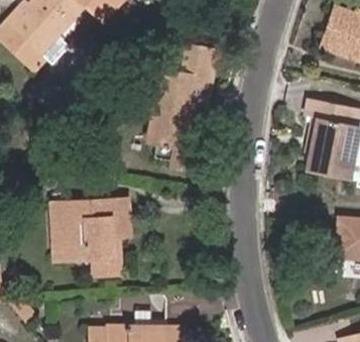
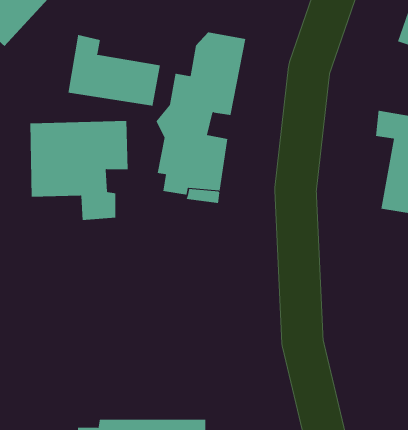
building: none -> [68,34,160,106]
building: [53,204,126,277] -> [30,120,128,221]

